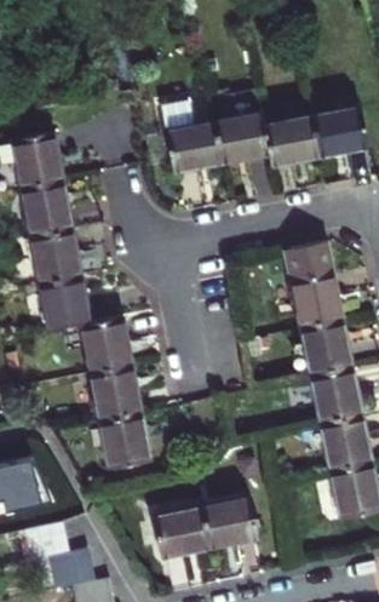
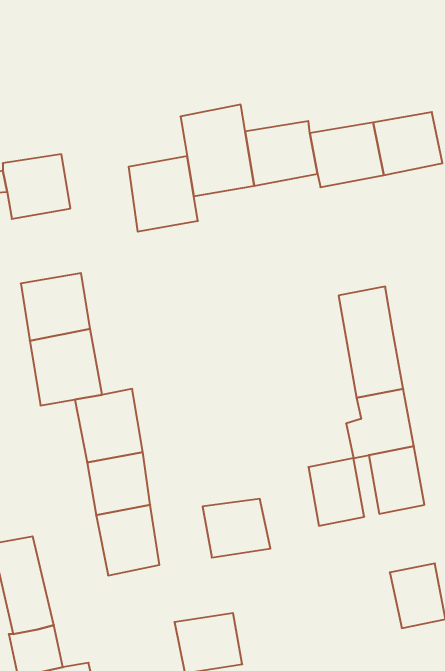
building: [25,180,81,241] -> [129,156,198,232]
building: [321,419,366,474] -> [308,458,364,526]
building: [203,500,258,547] -> [203,499,270,558]

